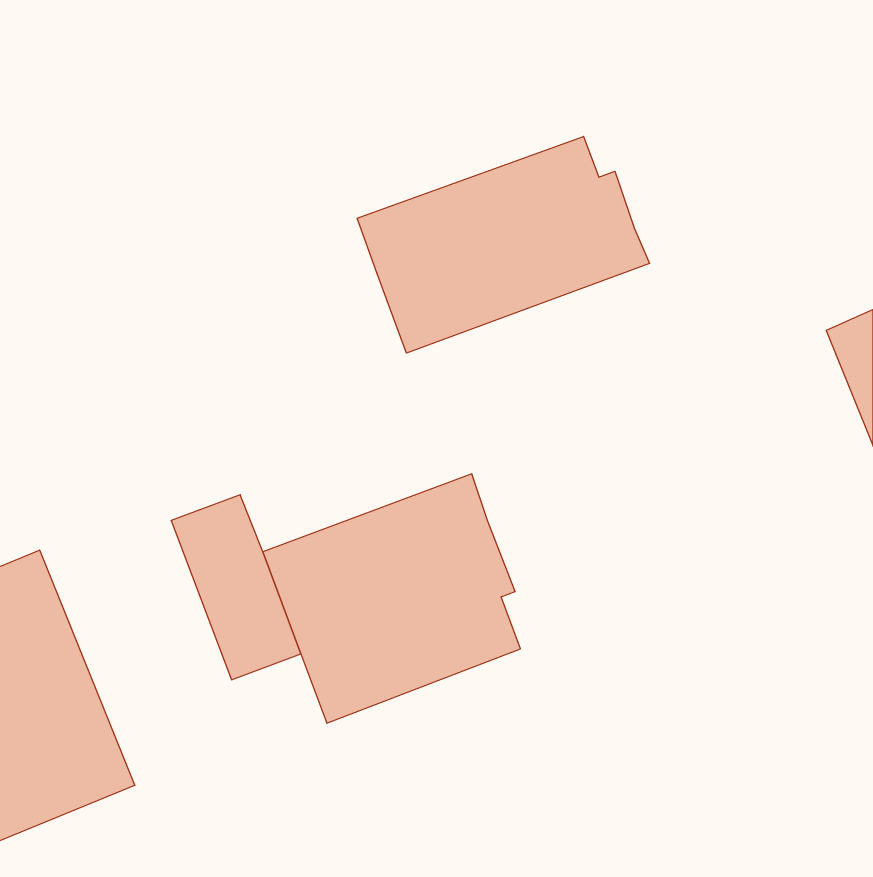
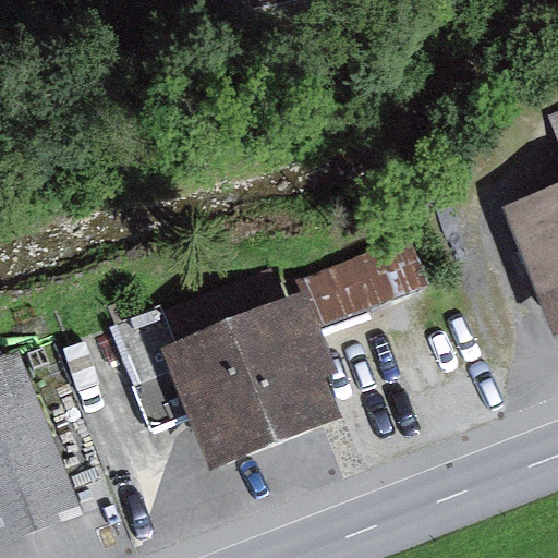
building: [357,136,649,353] -> none
building: none -> [291,246,420,332]

